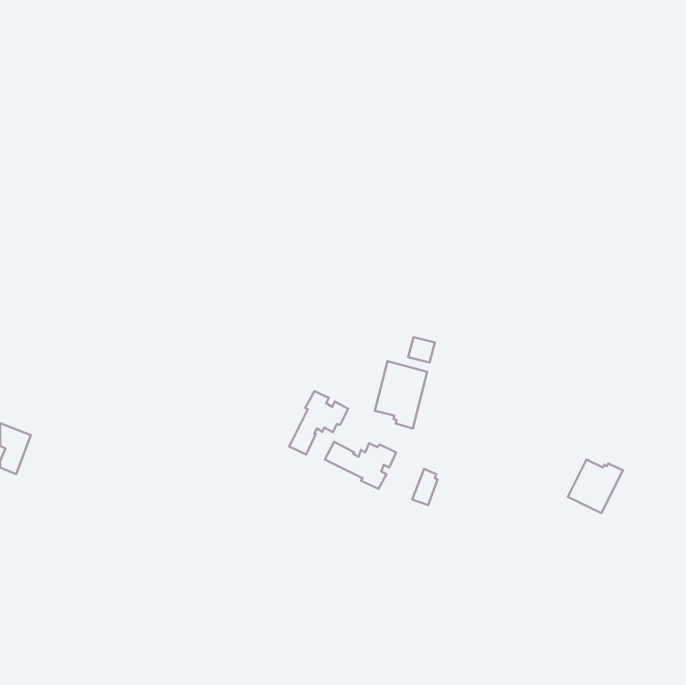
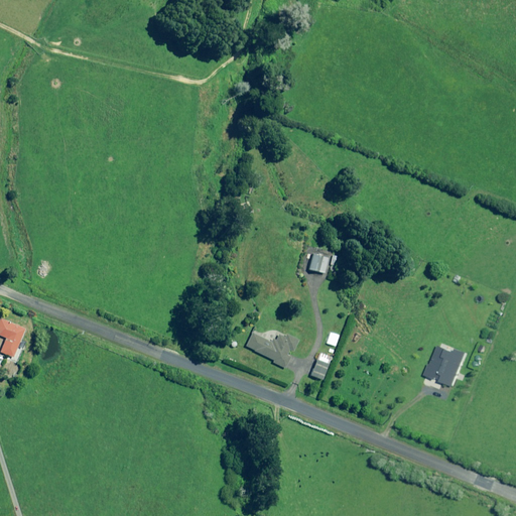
building: [375,361,427,429] -> none
building: [289,391,348,454] -> none

